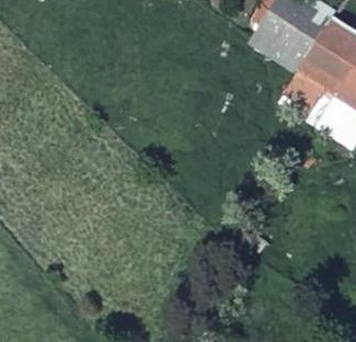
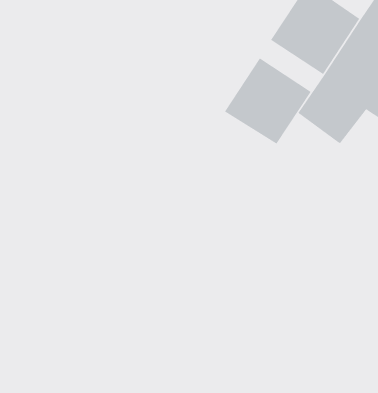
building: none -> [224,57,312,144]

